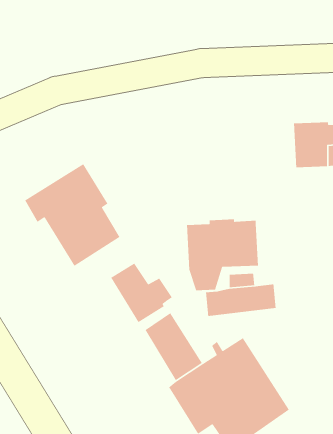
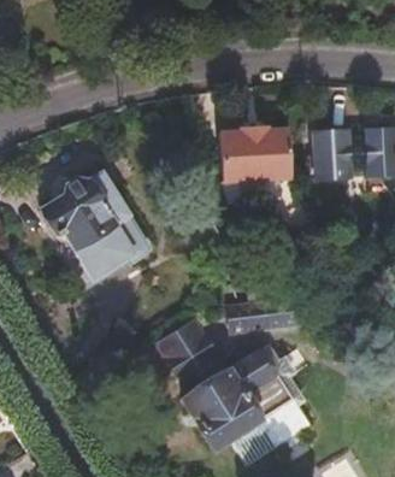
building: [186,219,259,291] -> [220,130,294,204]
building: [110,262,173,323] -> none

